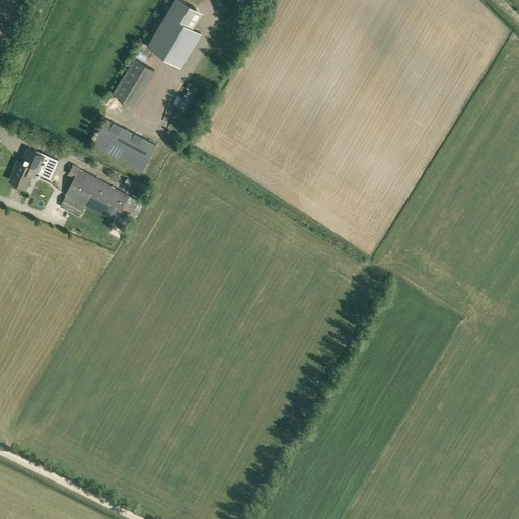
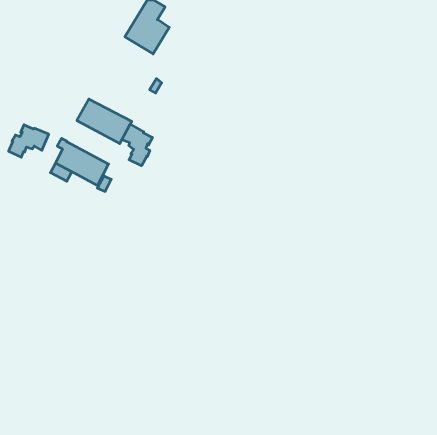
building: [113,59,154,105] -> none
building: none -> [122,124,152,166]

